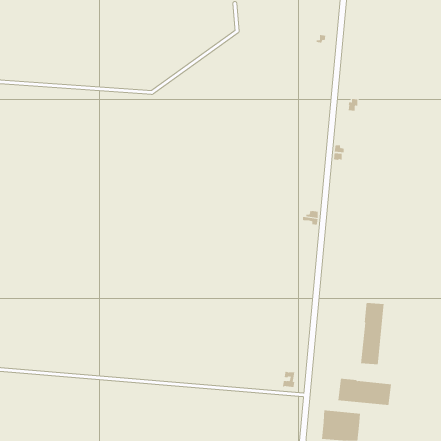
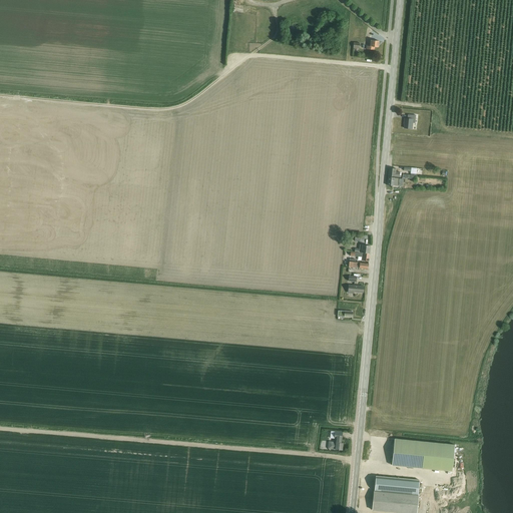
building: [361,302,384,365] -> none

